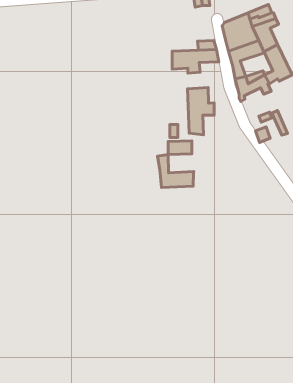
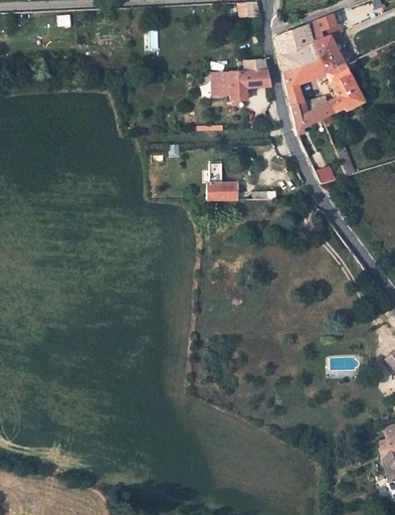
building: [187,88,214,135] -> none
building: [158,155,194,187] -> none

